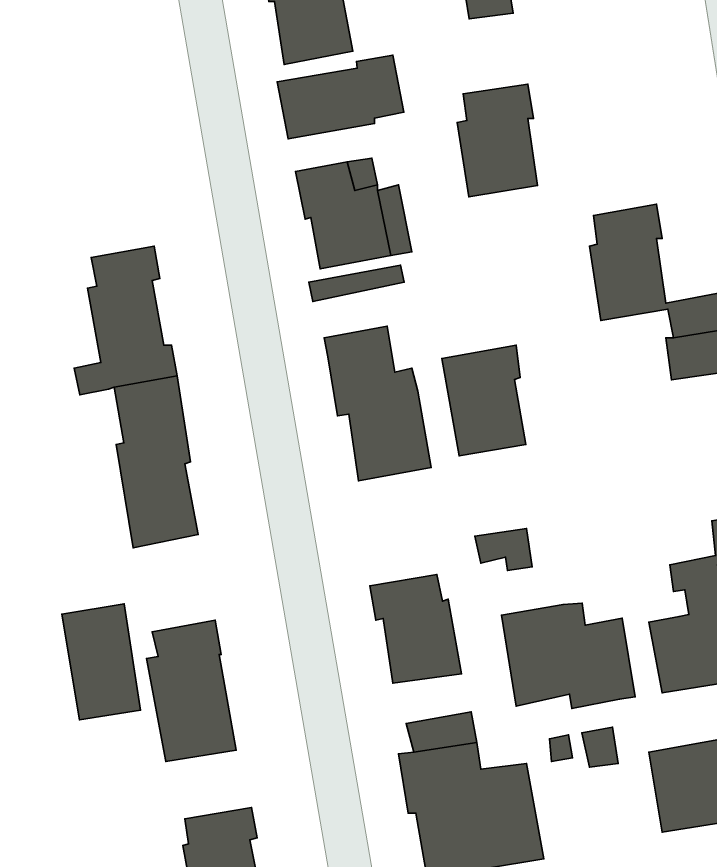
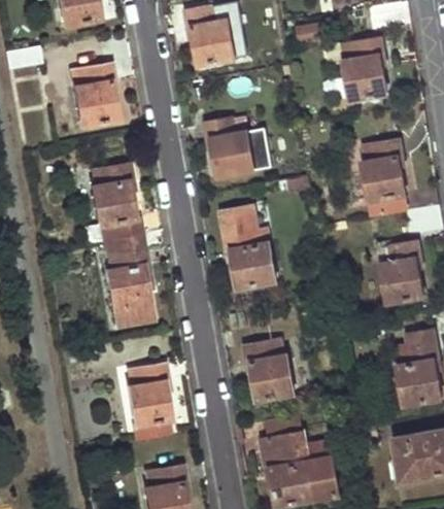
building: [277,55,404,139] -> none
building: none -> [72,62,116,124]
building: [457,84,537,197] -> [342,39,385,100]
building: [442,345,526,456] -> [377,242,422,302]
building: [501,603,635,708] -> none
building: [62,604,141,720] -> none

